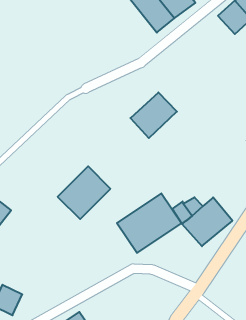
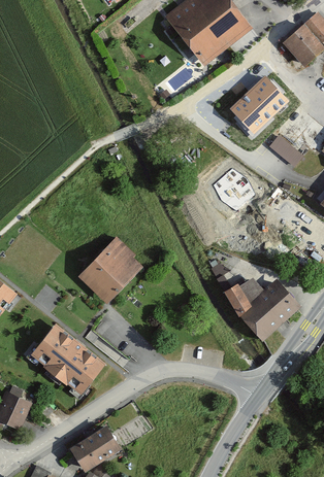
building: none -> [269,132,304,165]
building: [130,92,177,138] -> [229,70,289,129]
building: [117,193,181,253] -> none
building: none -> [30,325,105,396]

